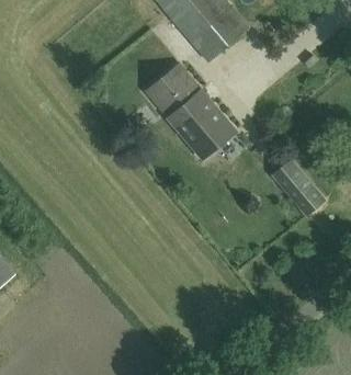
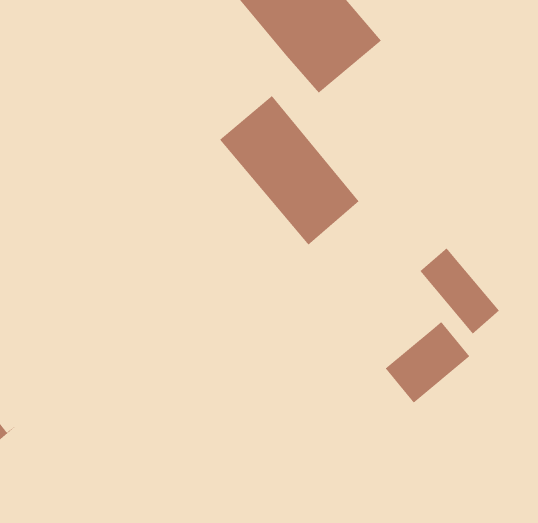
building: none -> [385,321,470,404]

